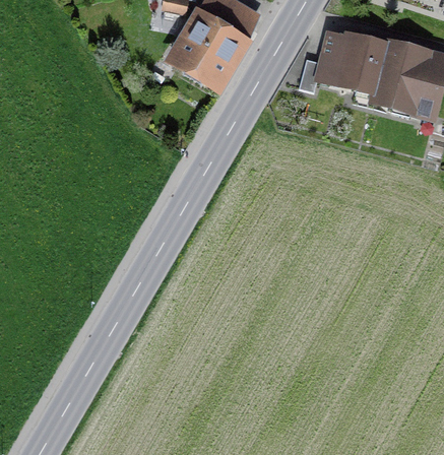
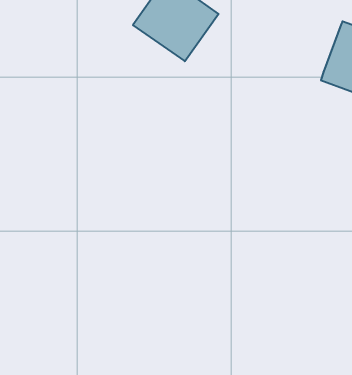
building: [314,28,387,93] -> none

